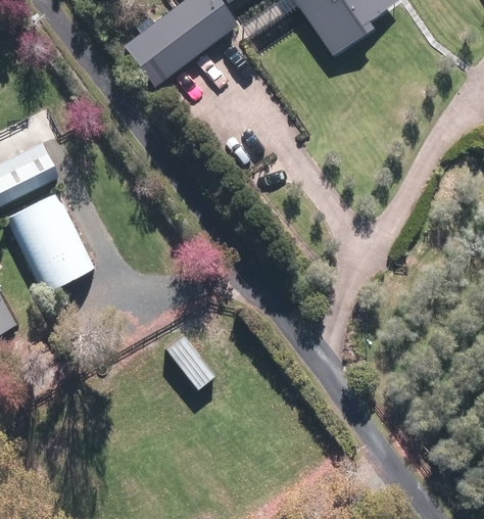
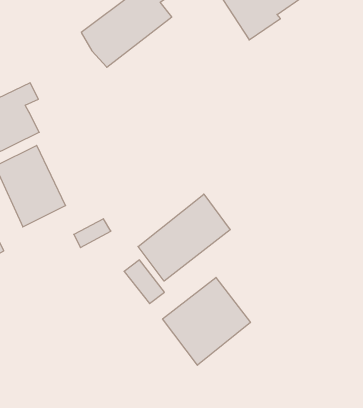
building: none -> [138,194,230,281]
building: none -> [163,277,250,365]

